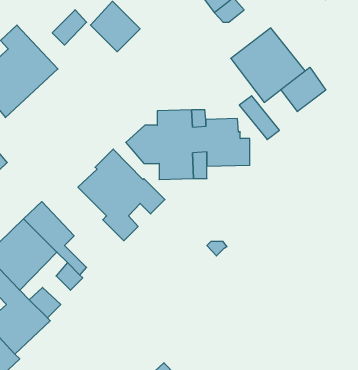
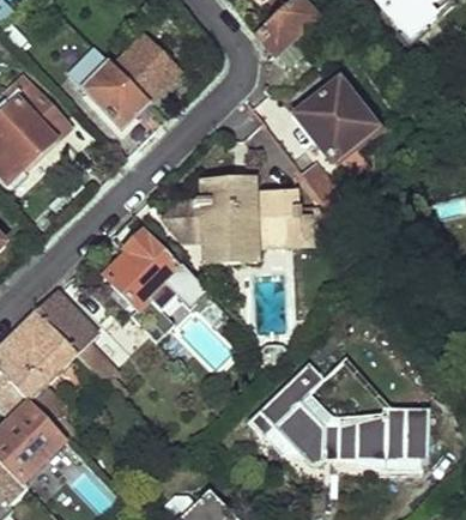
building: none -> [83,64,149,129]
building: [281,67,326,112] -> none
building: none -> [248,352,429,456]

